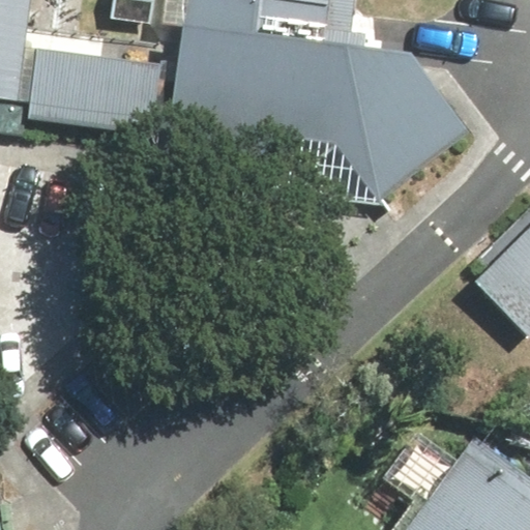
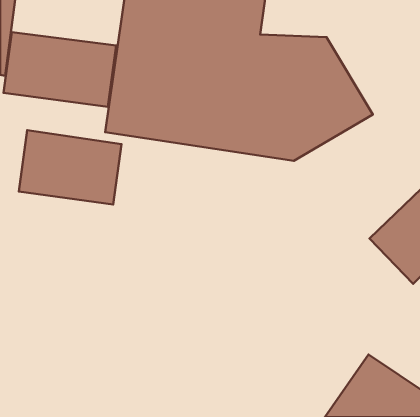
building: none -> [19,130,121,204]

